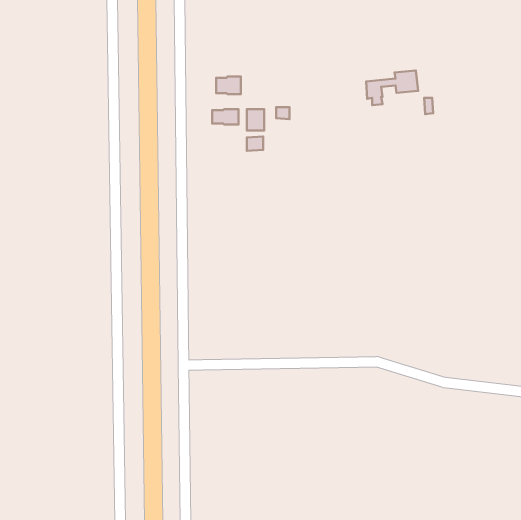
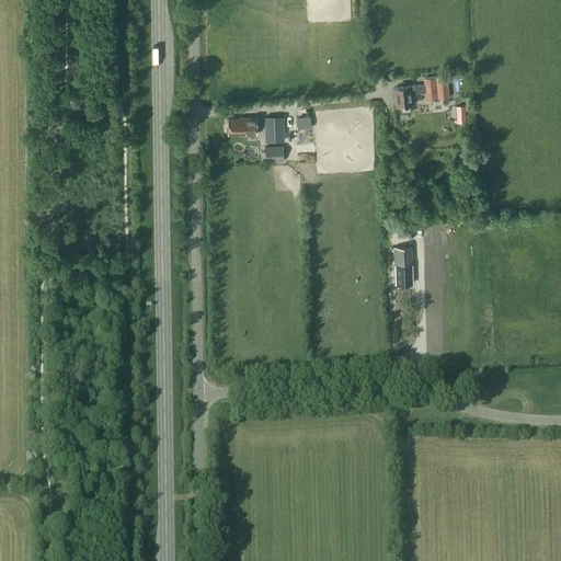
building: [216,77,241,94] -> none
building: none -> [394,248,412,285]

